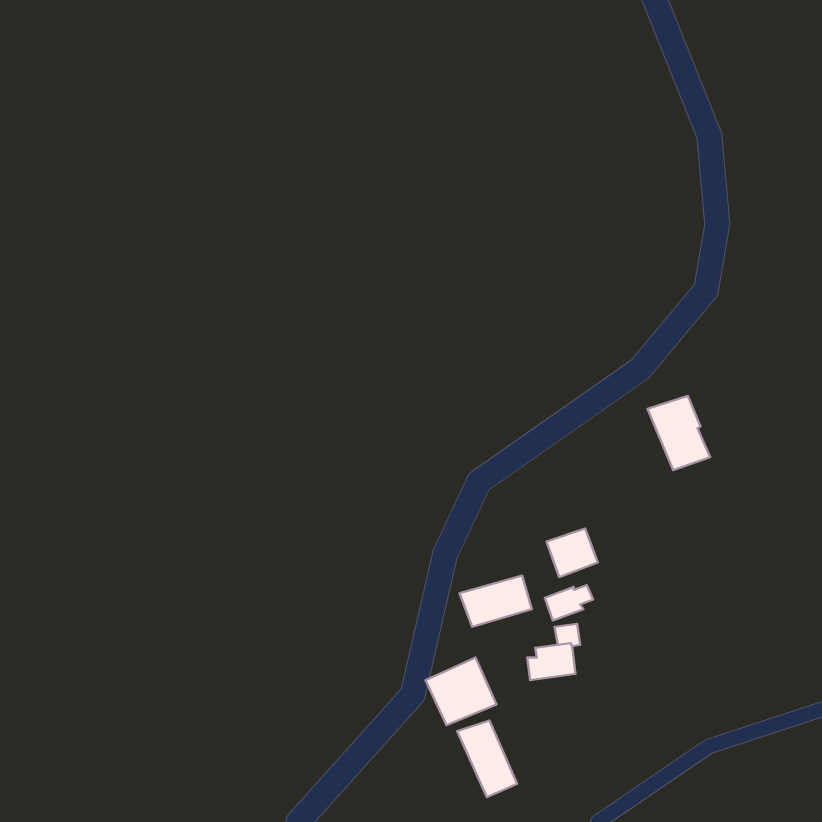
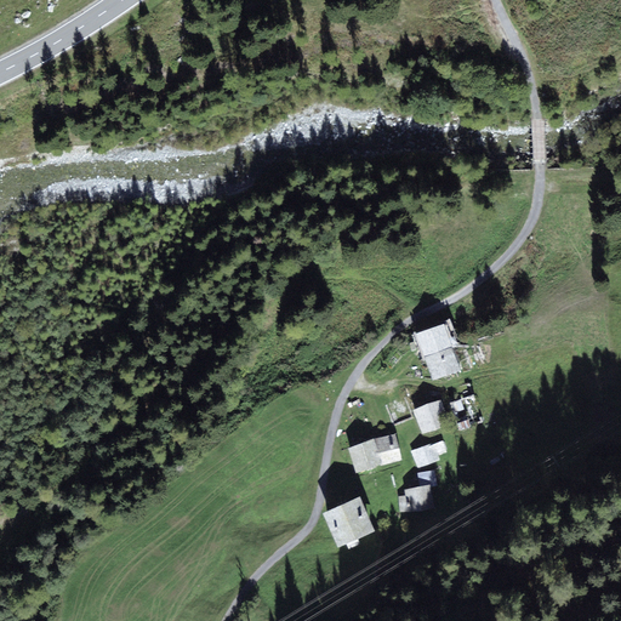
building: [647,396,710,470] -> [414,323,461,378]
building: [457,721,517,797] -> none

